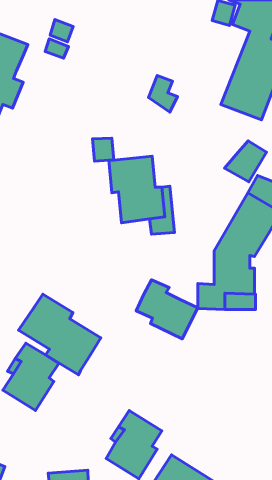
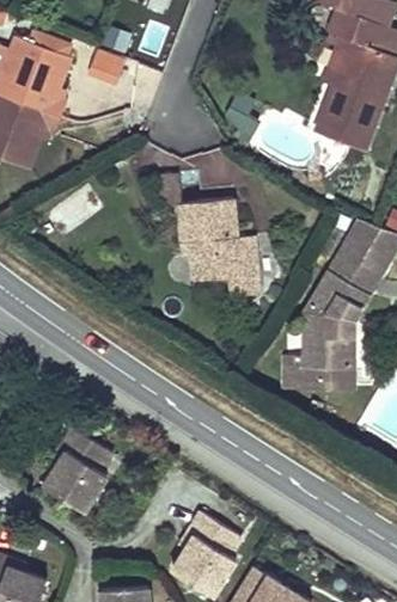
building: [225,141,266,182] -> none
building: [136,280,198,339] -> none
building: [18,294,101,375] -> none

